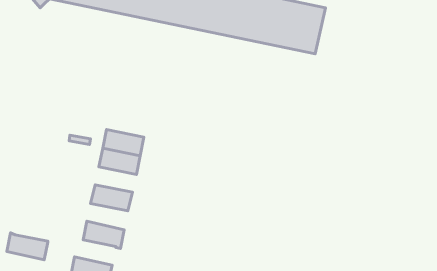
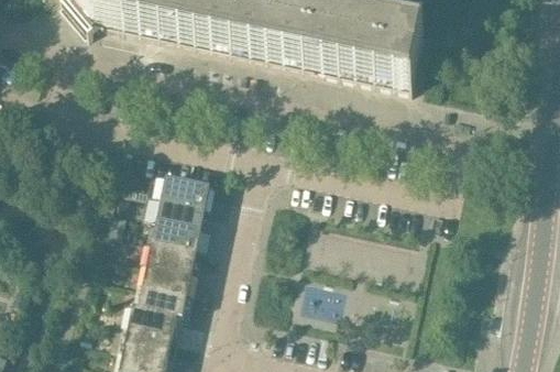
building: none -> [155,215,204,244]
building: none -> [145,258,194,288]
building: [7,233,48,260] -> [131,298,179,330]

